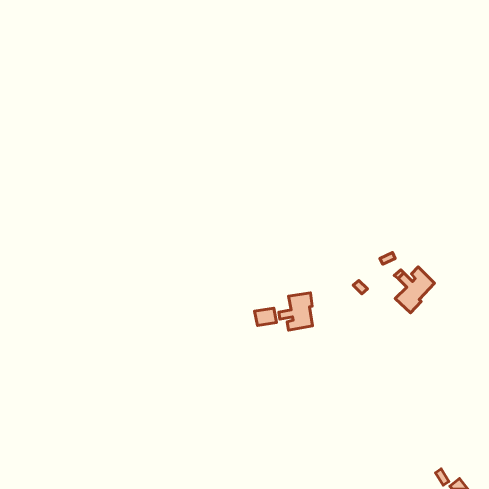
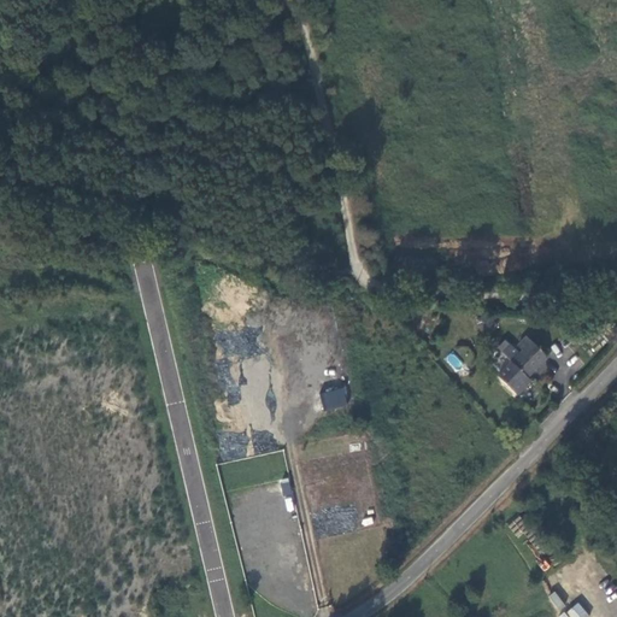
building: [279,293,312,330] -> none

